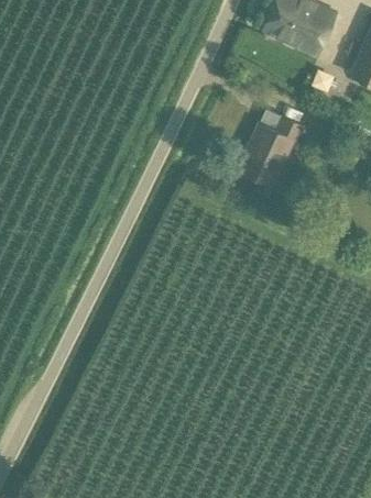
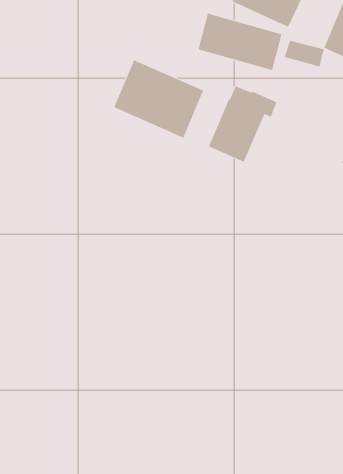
building: none -> [198,13,282,71]
building: none -> [114,59,204,138]

